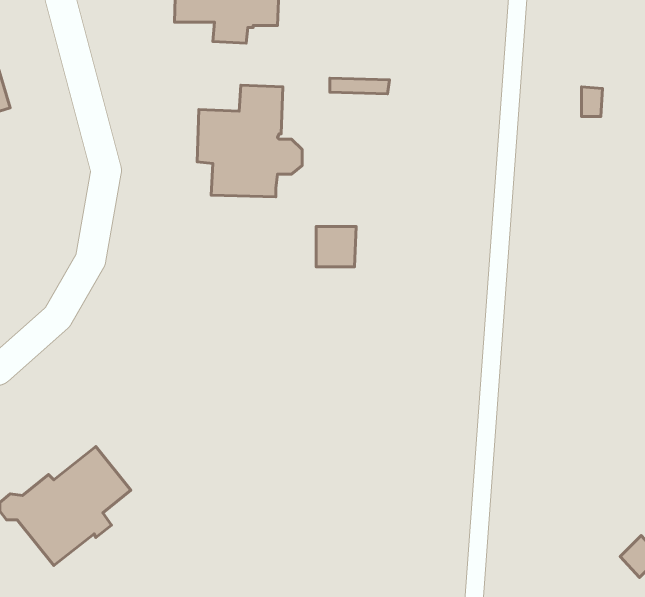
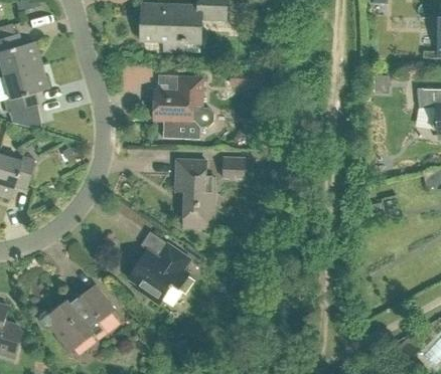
building: none -> [175,158,215,227]
building: none -> [128,243,191,305]

